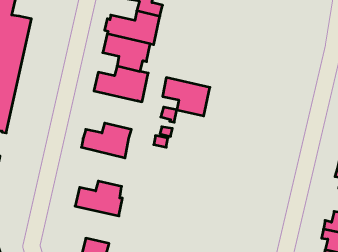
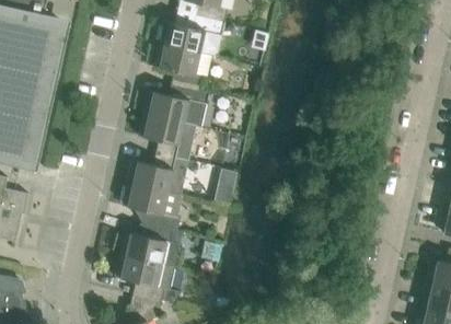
building: [163,78,210,116] -> [138,115,196,162]
building: none -> [122,184,181,232]
building: none -> [115,256,178,305]

